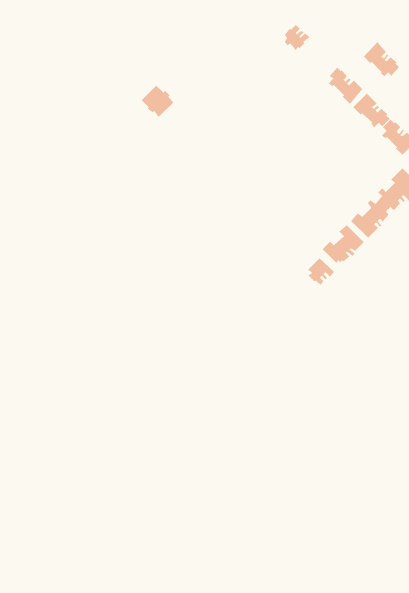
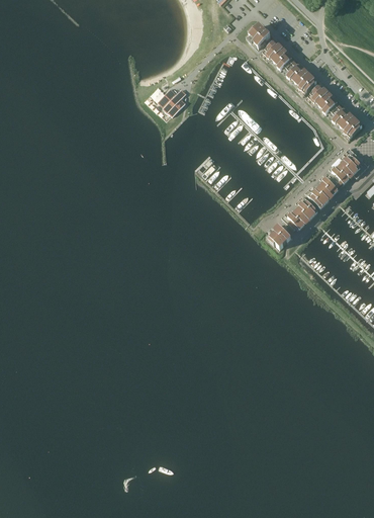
building: [363,41,400,77] -> [262,38,293,69]
building: [141,85,174,118] -> [156,87,184,115]

